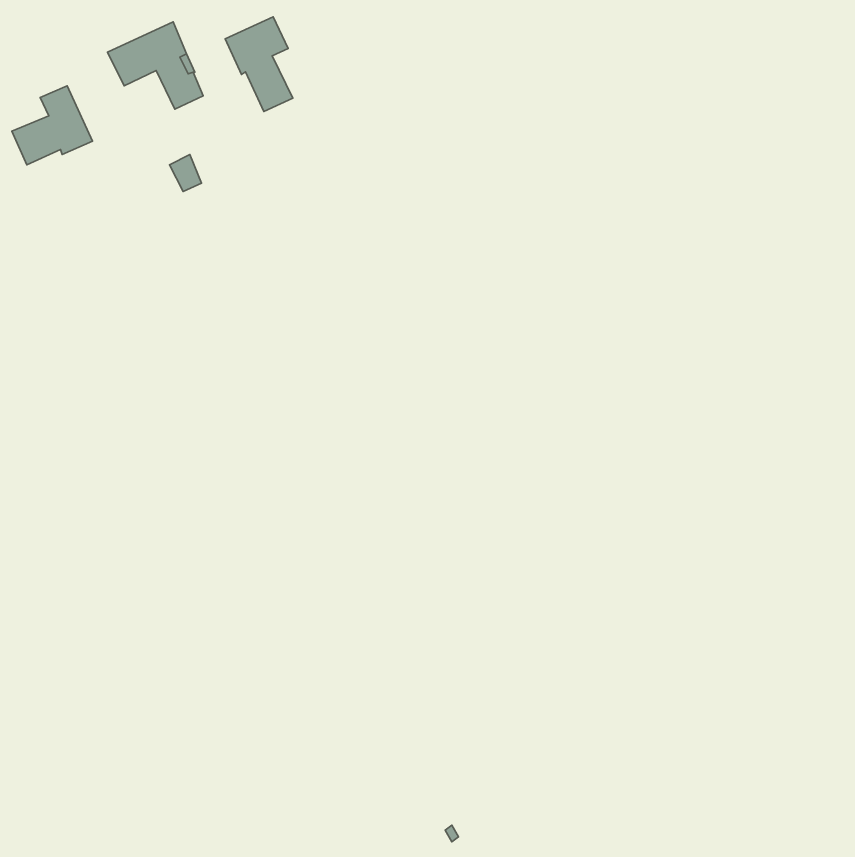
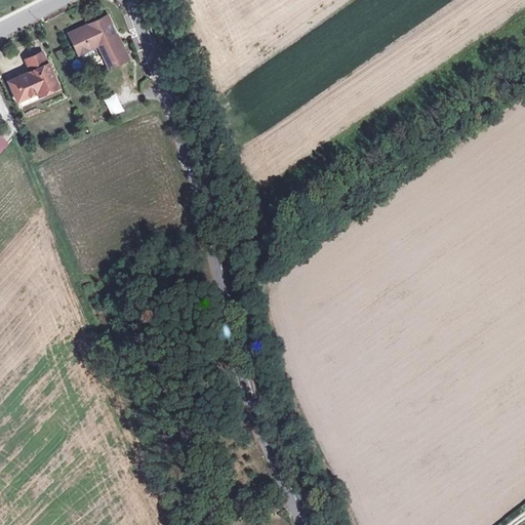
building: [225,17,293,112] -> none

